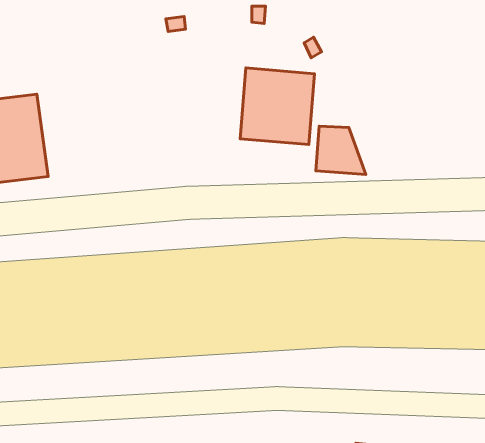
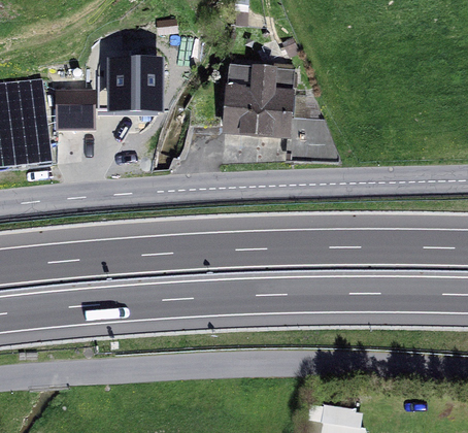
building: none -> [102,58,157,109]
building: none -> [56,91,93,128]

